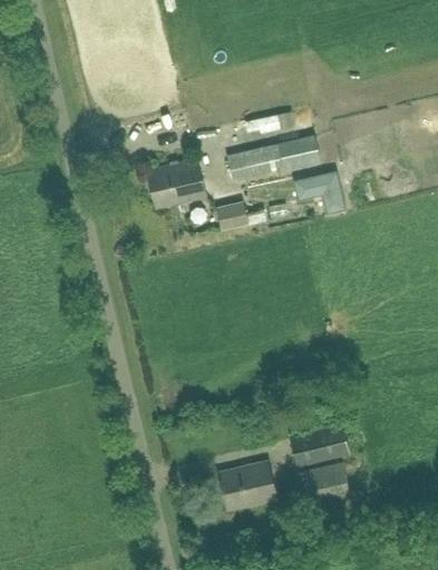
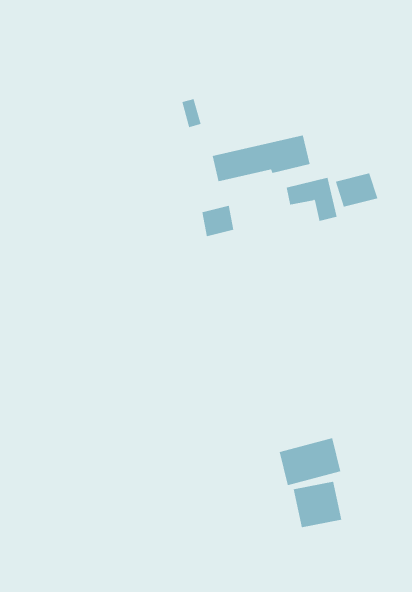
building: [147,159,206,208] -> none
building: none -> [335,173,378,208]
building: [217,461,276,511] -> none

